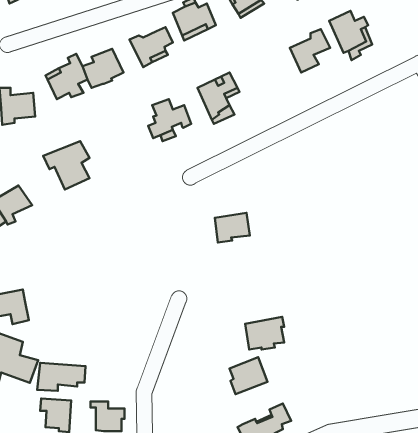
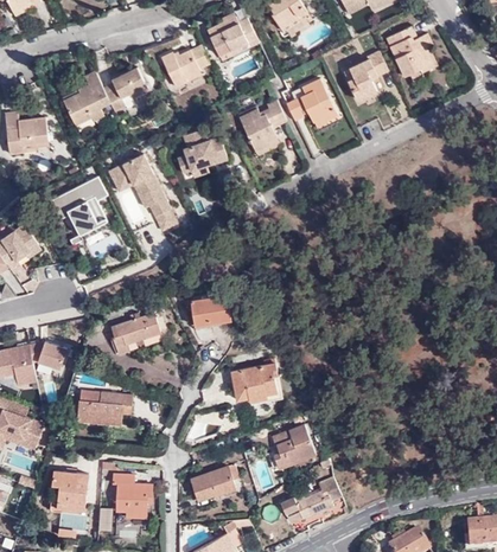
building: none -> [285,76,336,124]
building: none -> [108,152,179,232]
building: [215,213,250,243] -> [190,295,230,329]
building: none -> [111,314,160,355]
building: none -> [31,339,66,367]
building: [245,317,284,350] -> [231,362,276,400]
building: [37,363,86,391] -> [75,391,130,423]
building: none -> [191,464,238,496]

